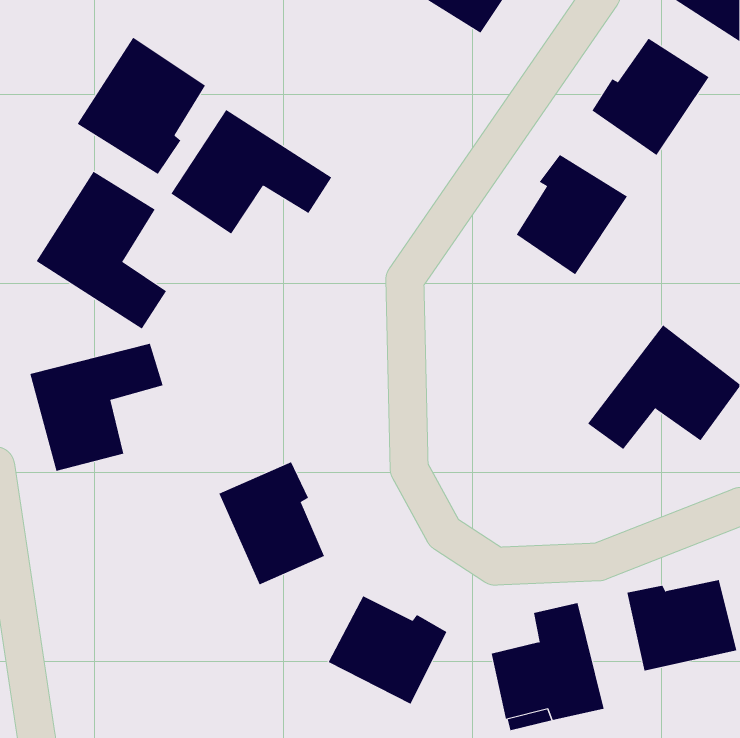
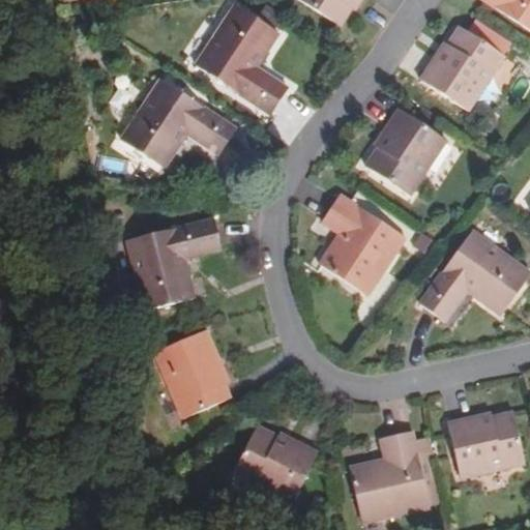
building: none -> [198,4,290,114]
building: [77,37,206,175] -> none
building: [36,171,167,329] -> none
building: none -> [321,195,405,290]
building: [30,343,164,471] -> [128,217,224,308]

